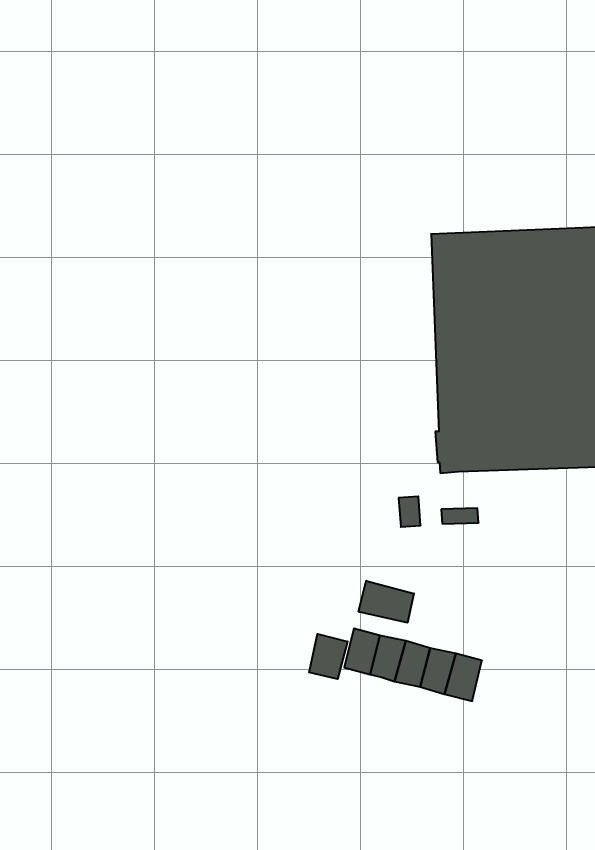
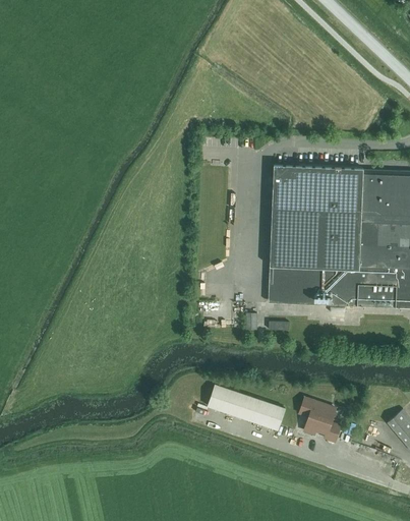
building: [359,581,414,623] -> none
building: [309,634,348,679] -> none
building: none -> [300,398,340,441]

